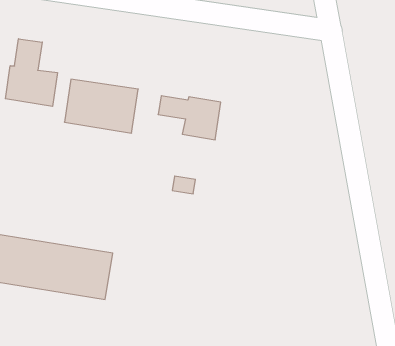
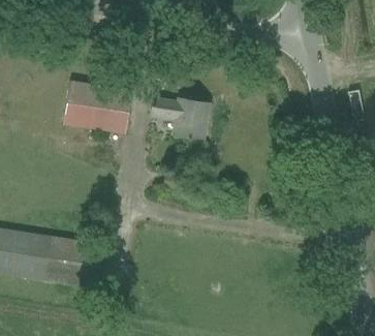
building: [5,39,57,106] -> none

